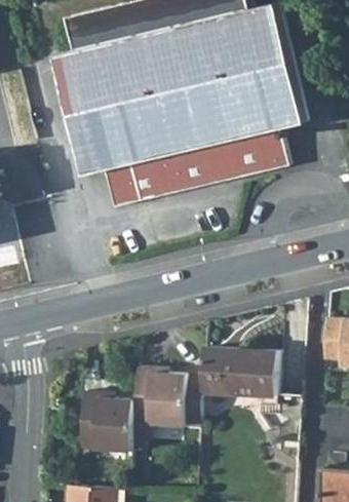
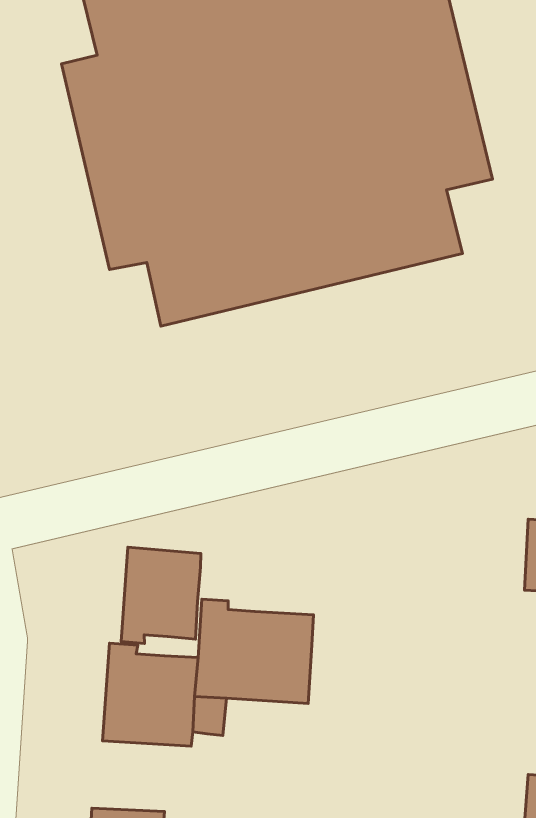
building: none -> [121,547,201,643]
building: [199,348,275,396] -> none

